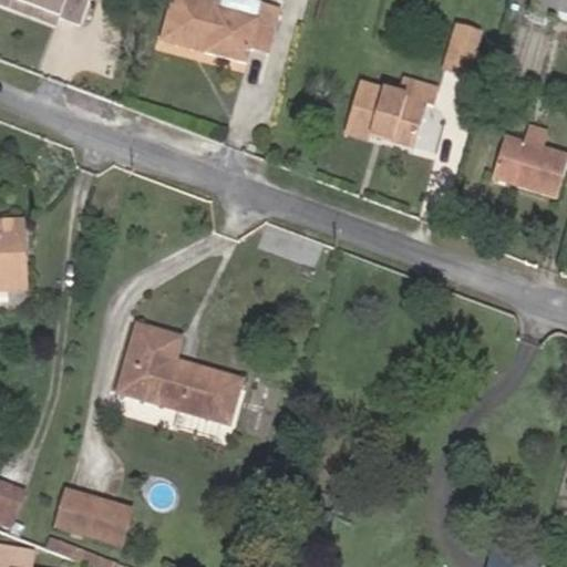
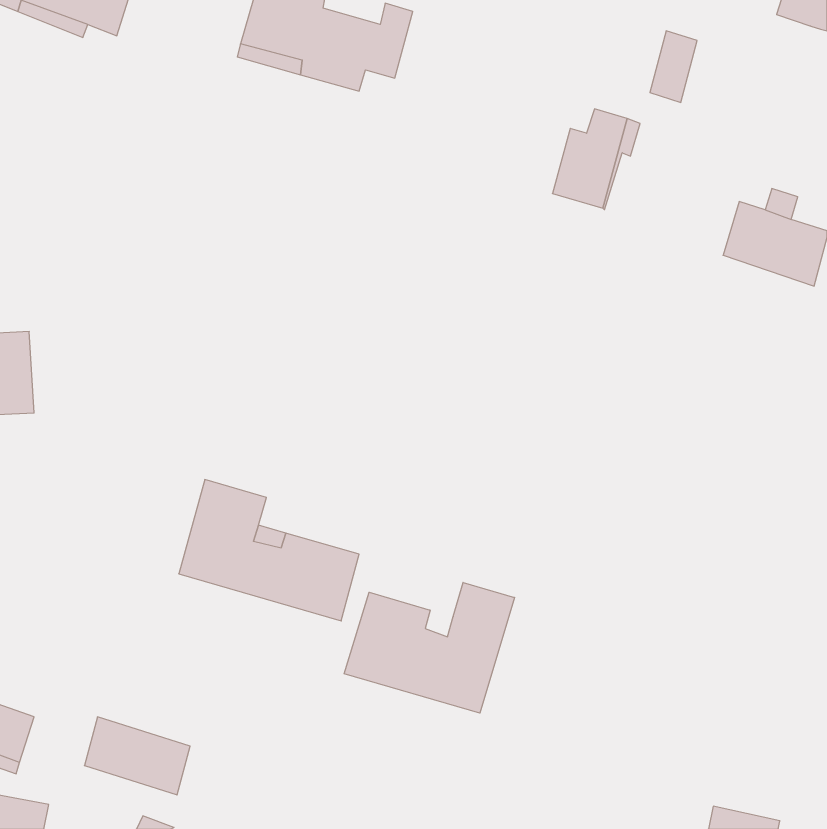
building: [344,80,389,136] -> none
building: none -> [344,582,515,713]

